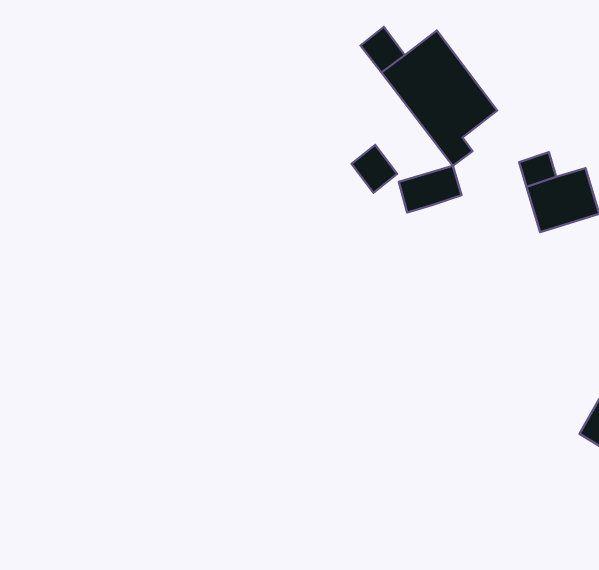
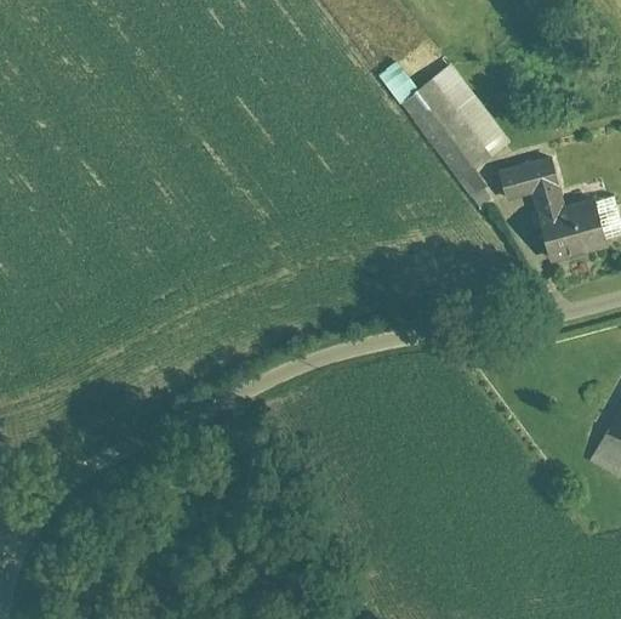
building: [351,145,397,193] -> none
building: [399,166,461,213] -> [498,154,560,200]

